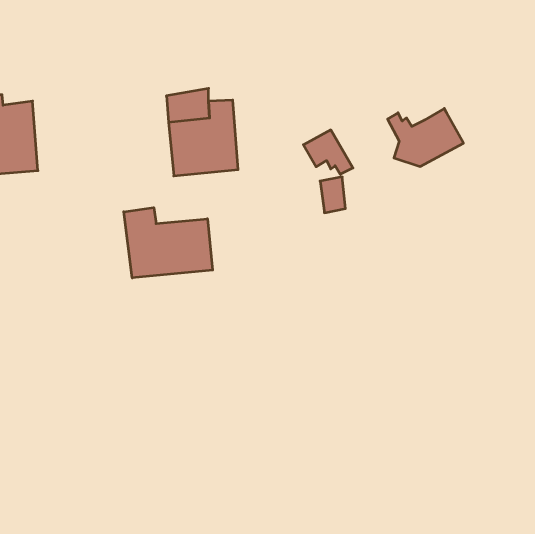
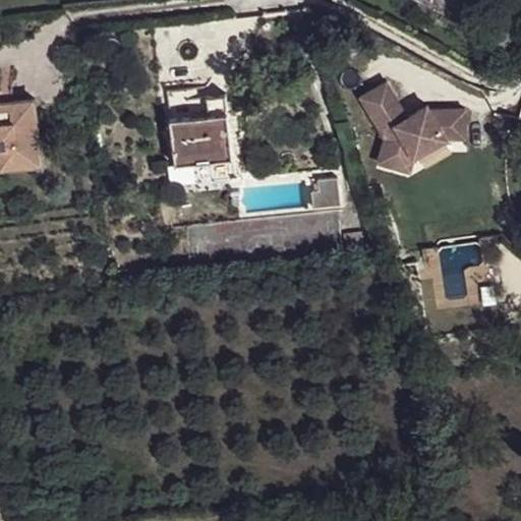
building: none -> [431,113,467,142]
building: [303,130,353,174] -> [362,83,410,126]
building: [124,208,213,278] -> none

